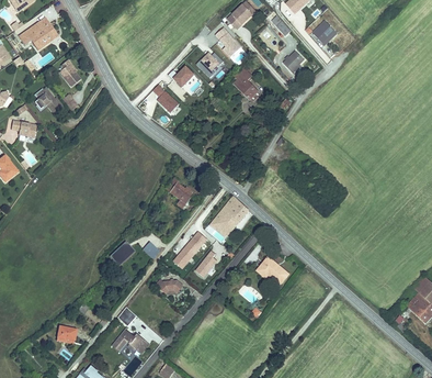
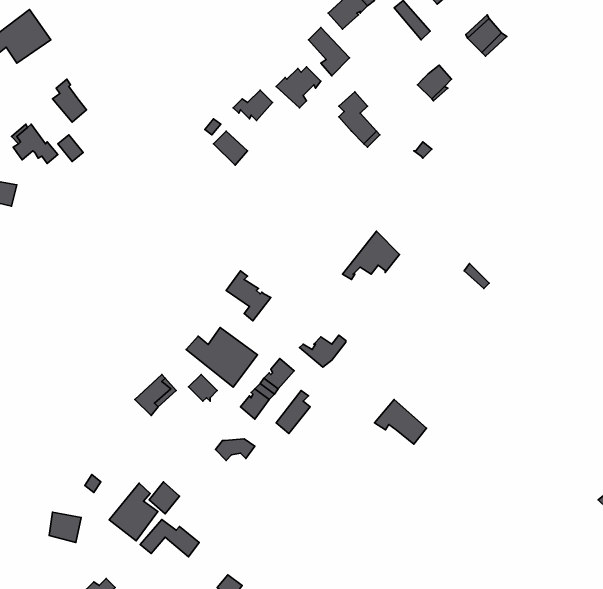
building: [212,196,247,225] -> [342,231,400,280]
building: none -> [186,327,257,387]
building: none -> [109,483,158,541]

